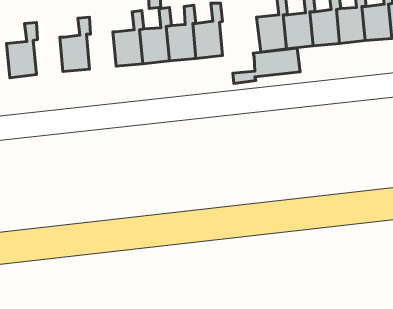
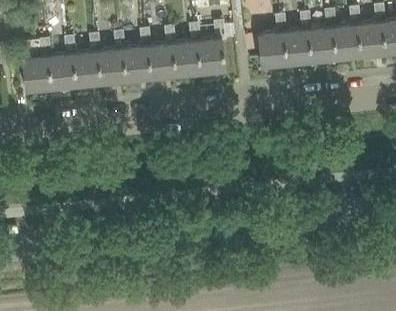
building: none -> [97,32,125,84]
building: none -> [47,37,76,89]
building: [233,48,300,83] -> none

